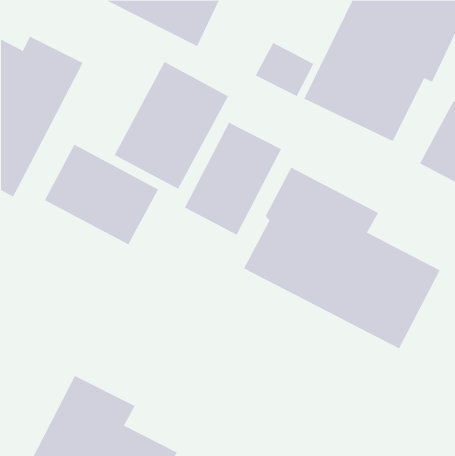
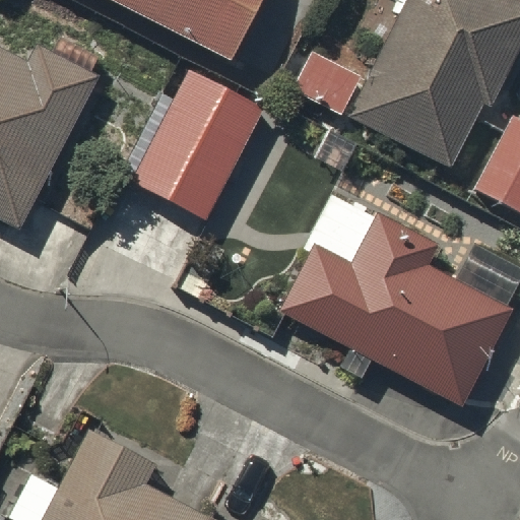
building: [184,122,282,236] -> none
building: [44,144,159,245] -> none

